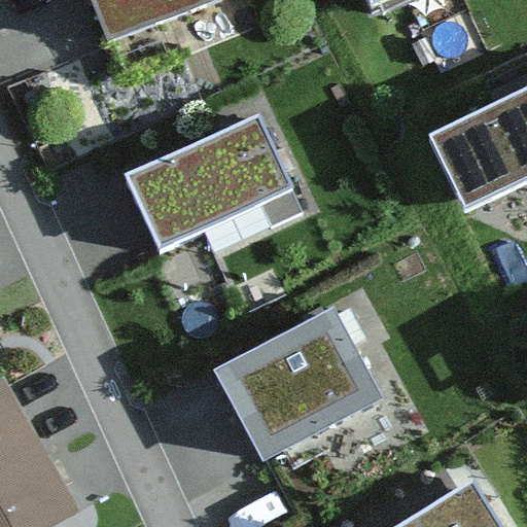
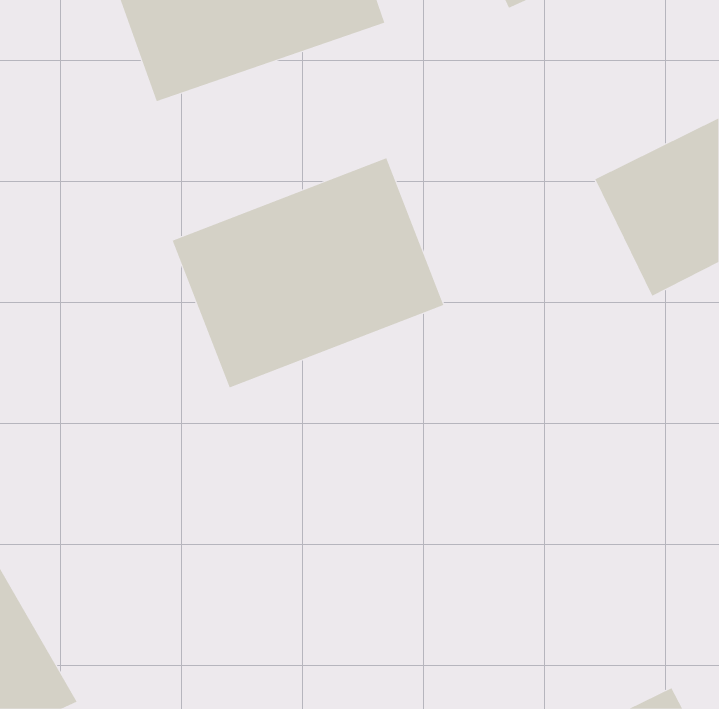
building: [212,297,407,470] -> none

